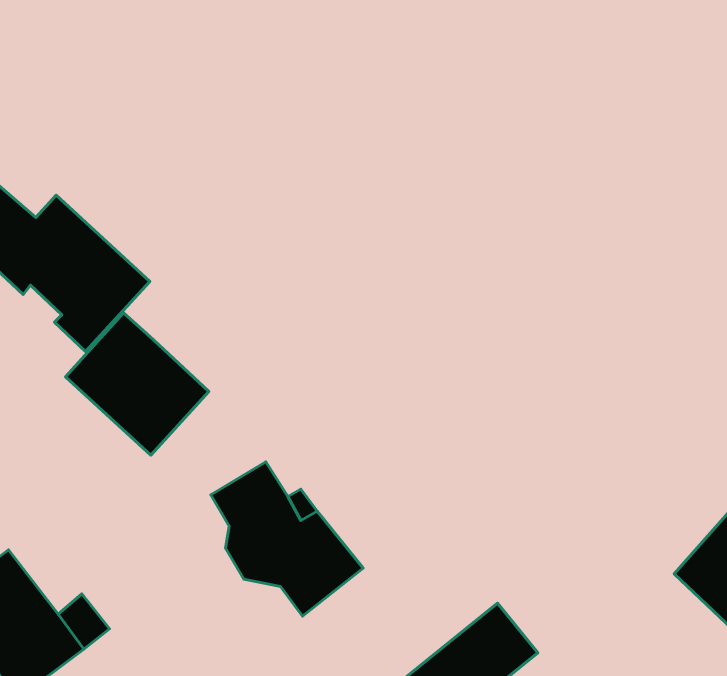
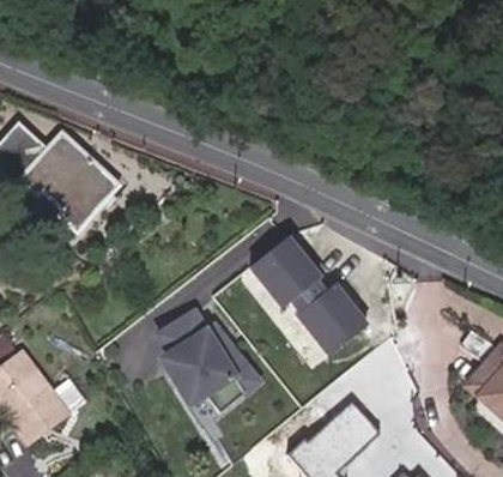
building: [65,313,209,455] -> none
building: none -> [250,238,365,356]

